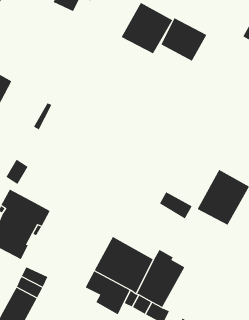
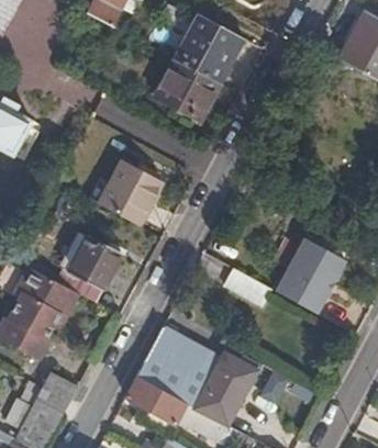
building: [160,18,207,62] -> [156,60,219,120]
building: none -> [98,160,159,226]
building: none -> [54,231,123,303]

